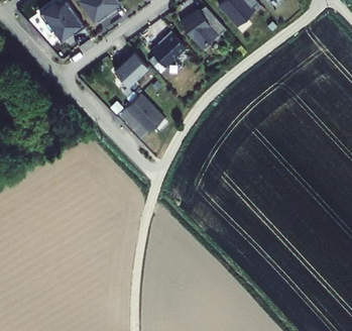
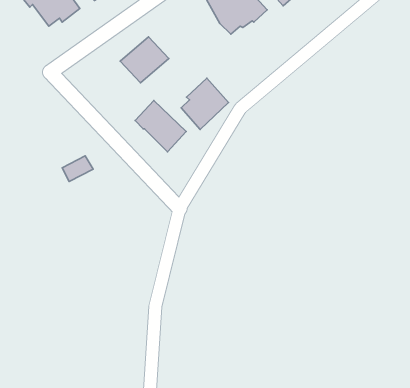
building: [153,28,189,67] -> [181,78,228,129]

